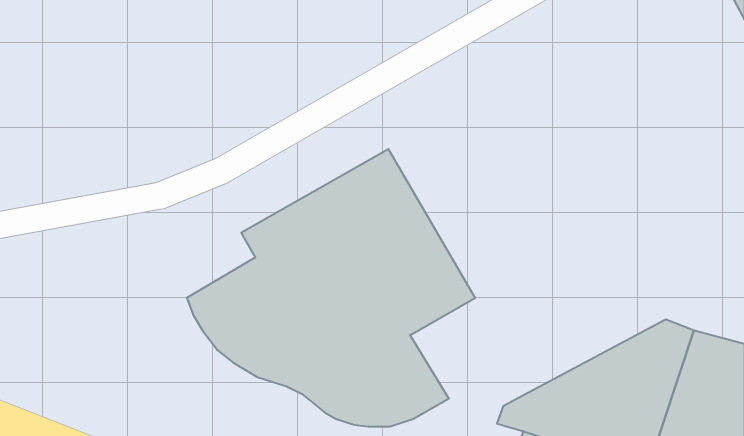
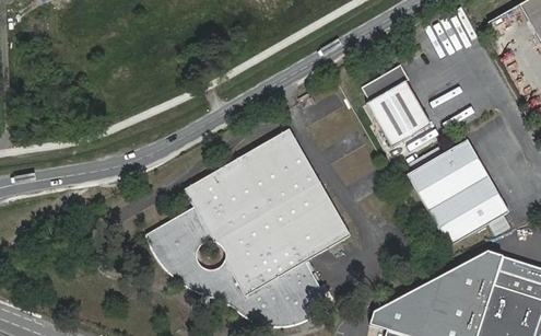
building: none -> [363,65,431,148]
building: none -> [405,139,506,246]

